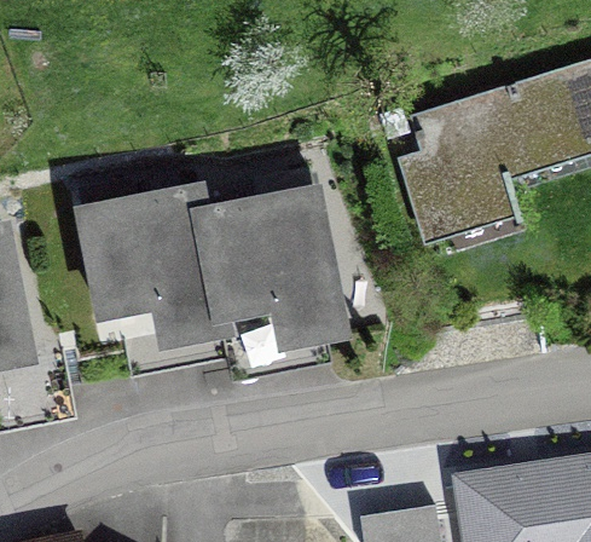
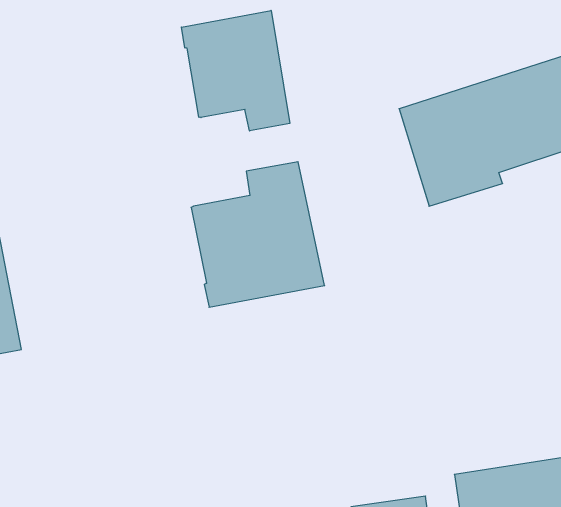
building: none -> [181,10,290,131]
building: [80,181,216,317] -> none

